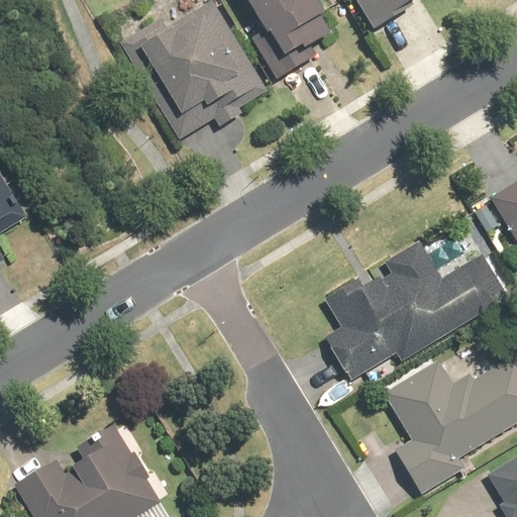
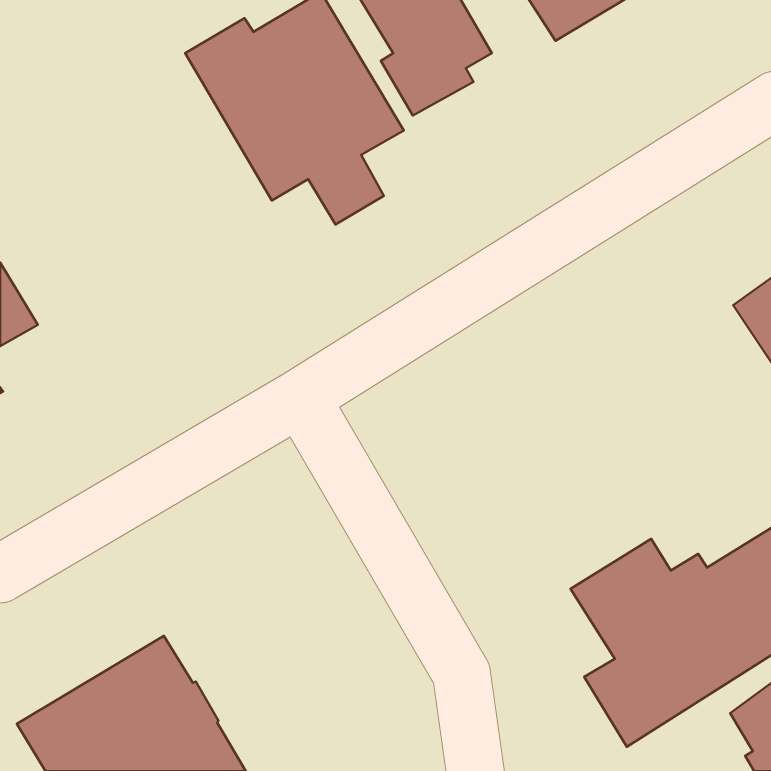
building: [323,240,509,384] -> none

